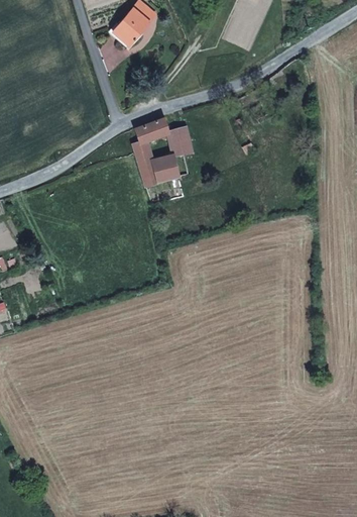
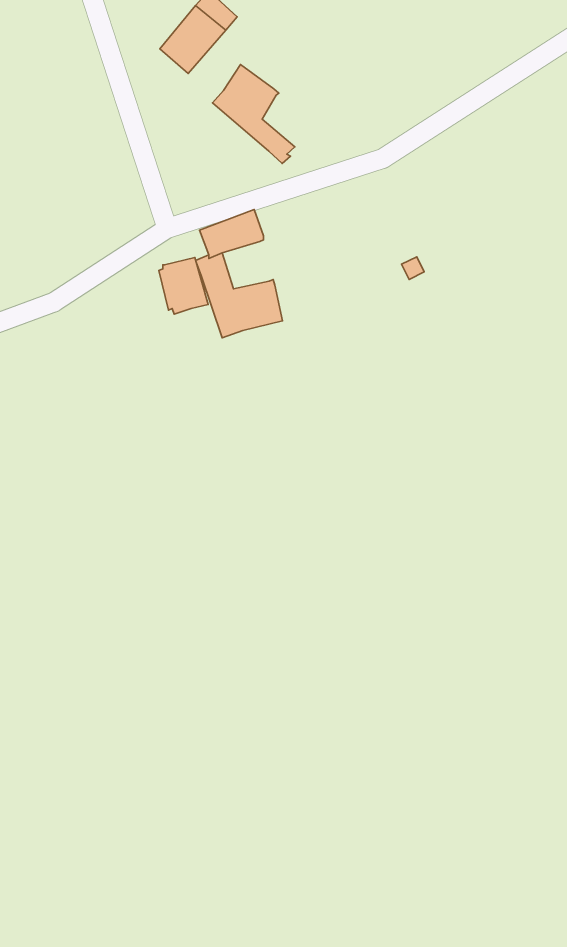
building: none -> [212,64,295,163]
building: [163,126,190,157] -> [159,257,208,314]

